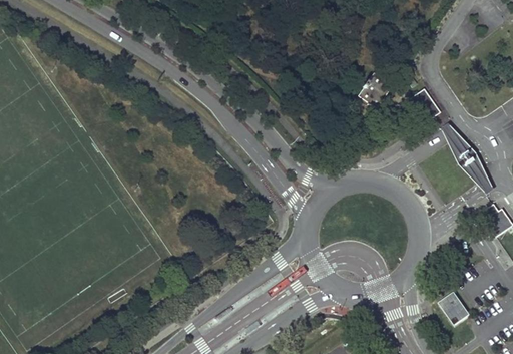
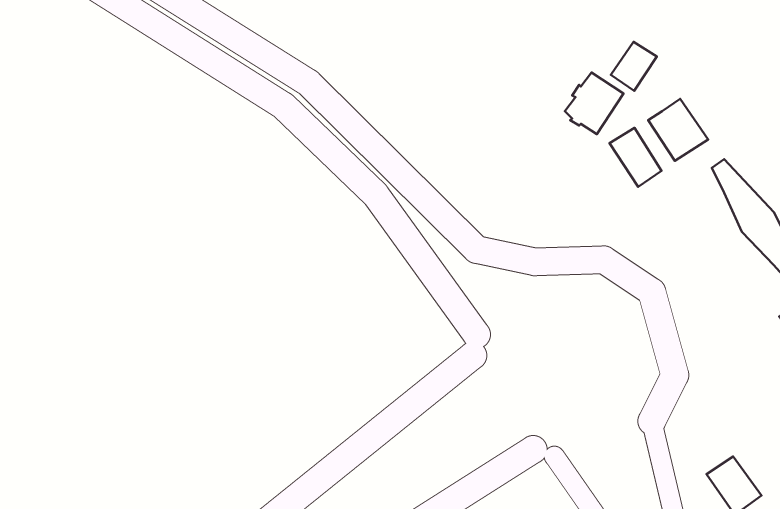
building: none -> [611,42,657,91]
building: none -> [610,128,662,187]

